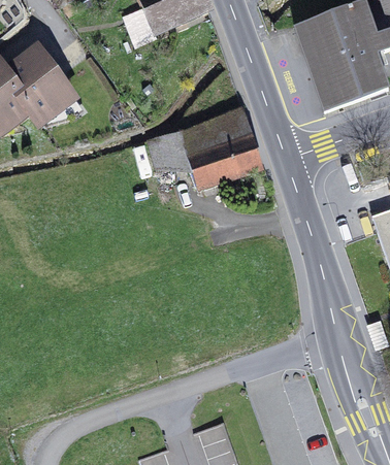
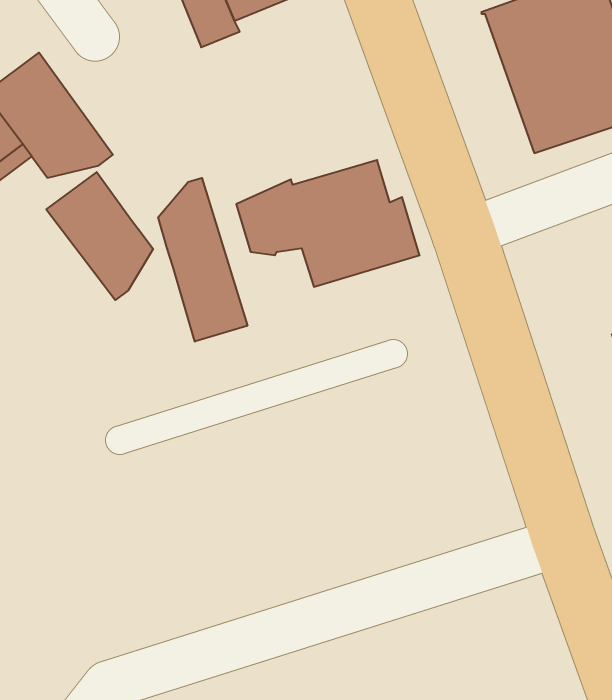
building: none -> [46,172,153,300]
building: none -> [158,178,247,342]

